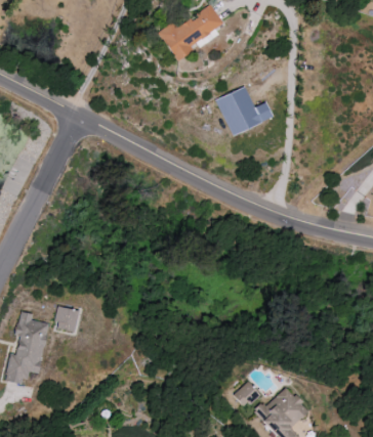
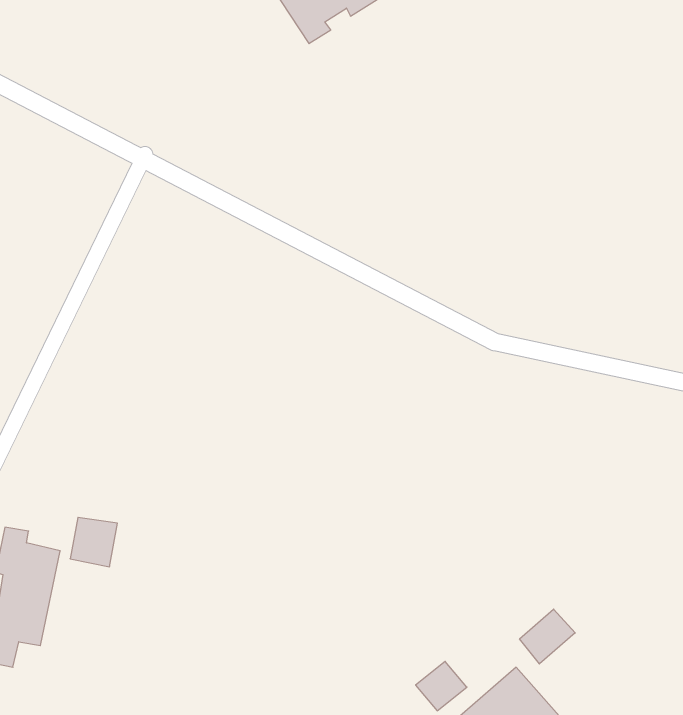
building: [216,87,274,135] -> none
building: none -> [520,609,575,664]

